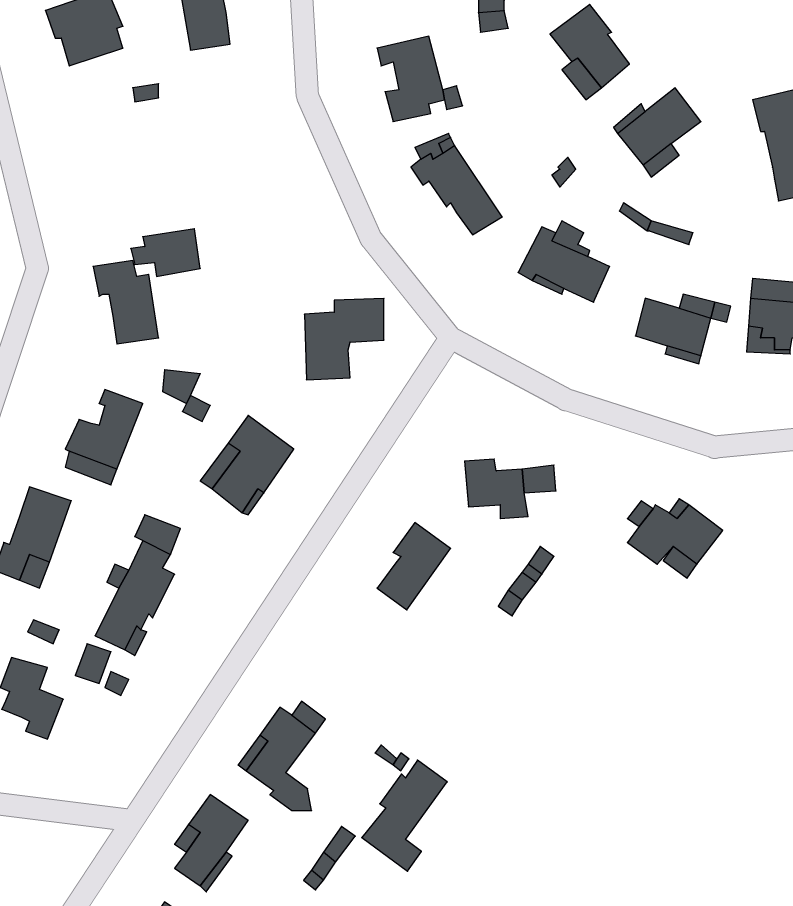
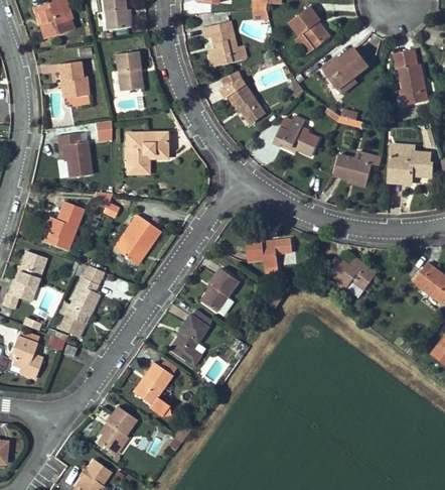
building: none -> [117,49,140,90]
building: none -> [59,60,89,97]
building: [304,298,384,380] -> [126,131,166,172]
building: [362,760,447,871] -> [169,309,212,365]

